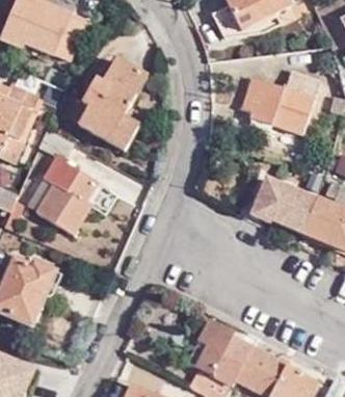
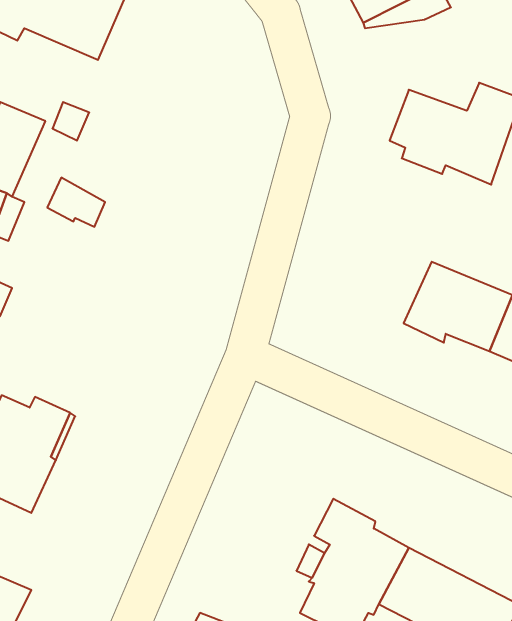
building: [78,58,147,150] -> none
building: [36,156,97,234] -> none

